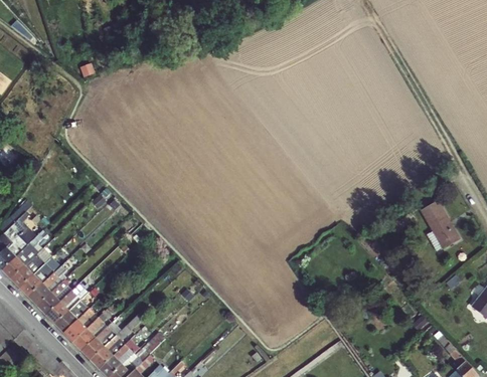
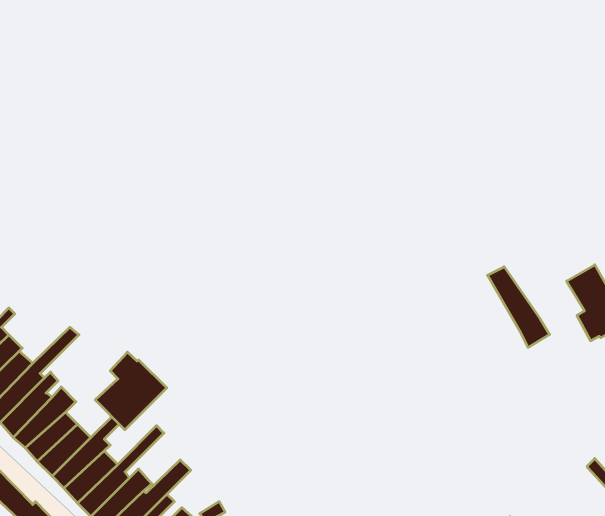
building: none -> [487,267,550,347]
building: none -> [95,352,167,430]

